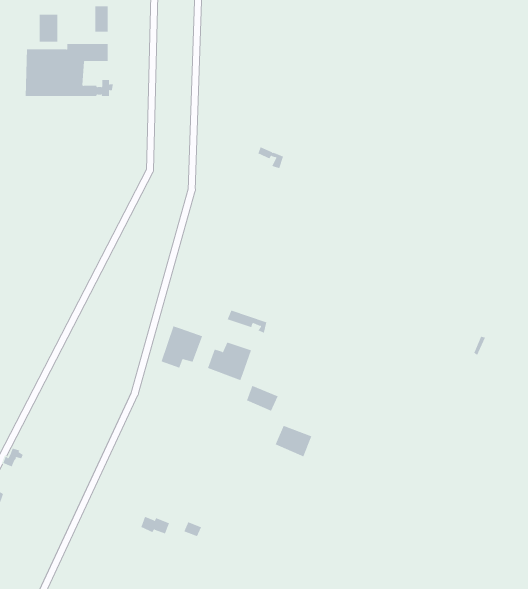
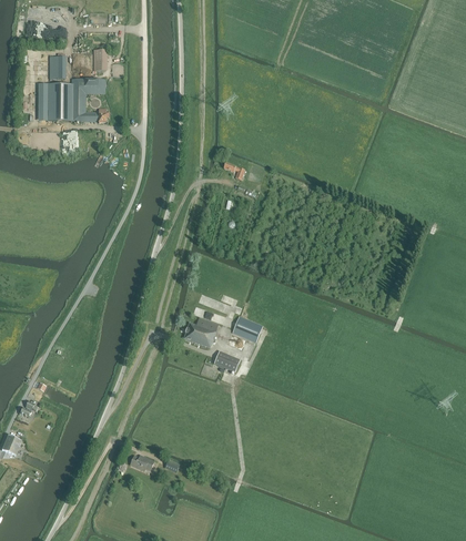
building: [161,326,203,369] -> none
building: [275,425,312,457] -> [232,316,262,341]

